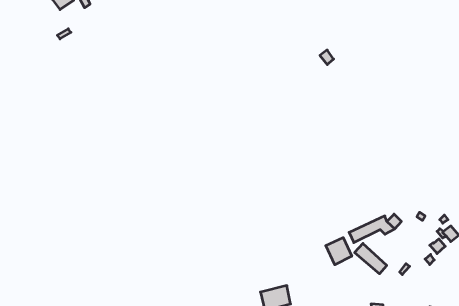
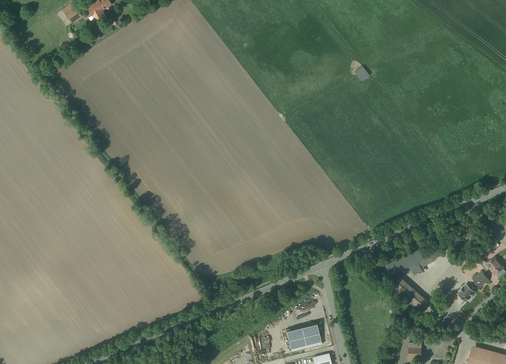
building: [326,238,352,265] -> none

